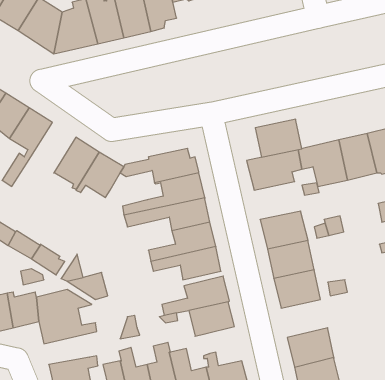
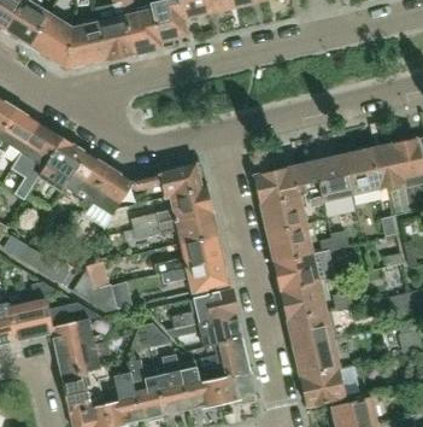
building: [255,119,302,157] -> [260,195,306,233]
building: none -> [37,138,86,192]
building: none -> [287,311,333,349]
building: none -> [201,338,248,376]
building: none -> [54,343,108,375]

